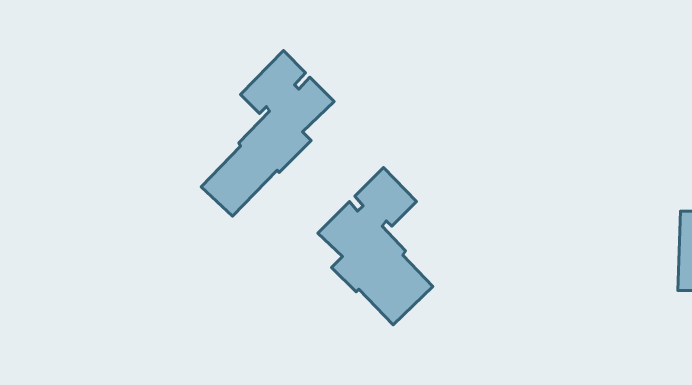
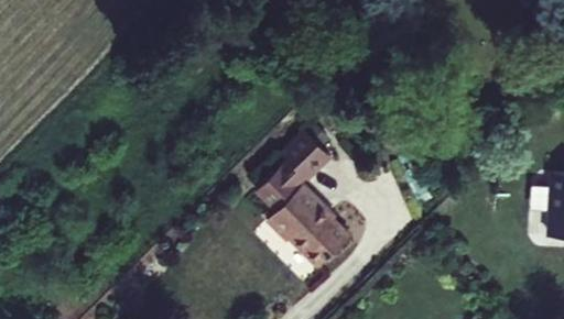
building: [201,51,334,216] -> none

